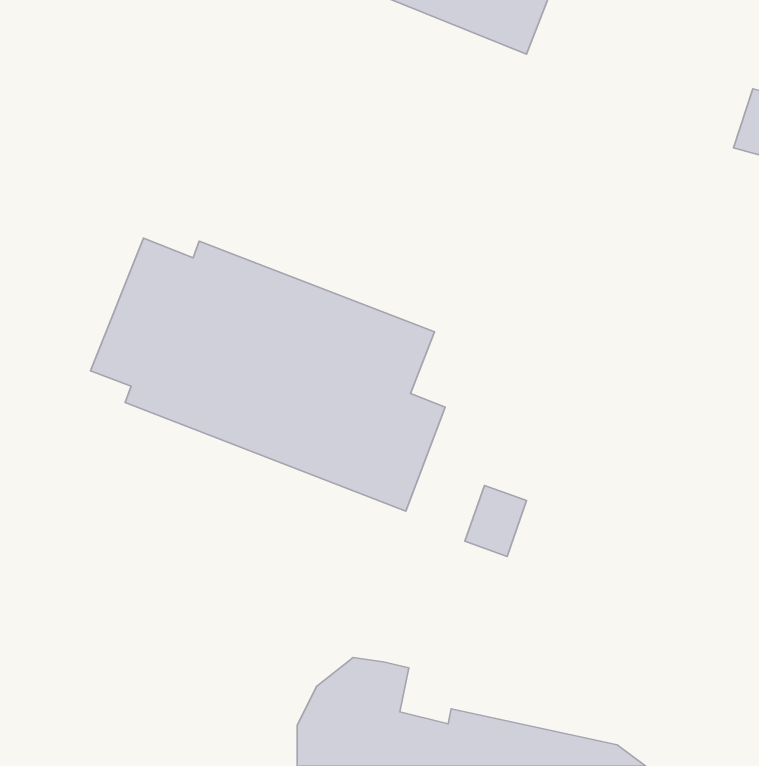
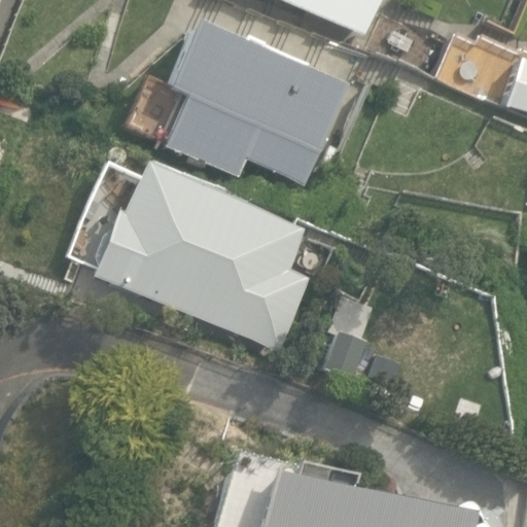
building: none -> [167,24,349,182]

